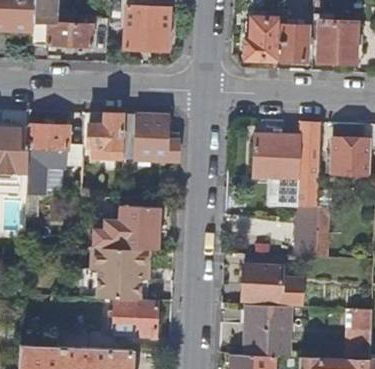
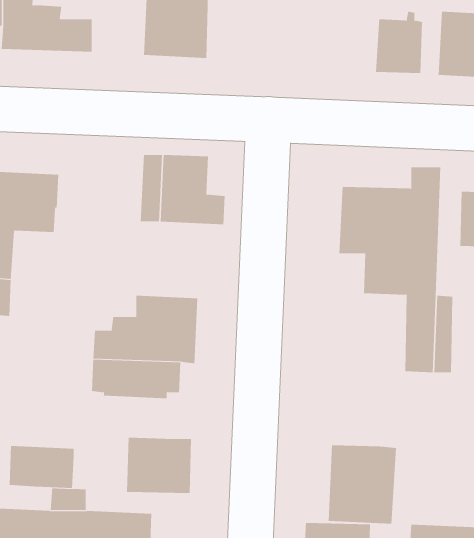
building: [245,18,279,60] -> none
building: [88,112,125,158] -> none
building: [243,265,302,306] -> none
building: [98,272,141,300] -> [9,446,74,488]

